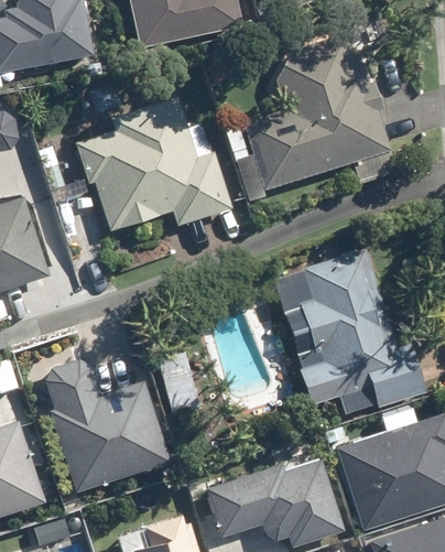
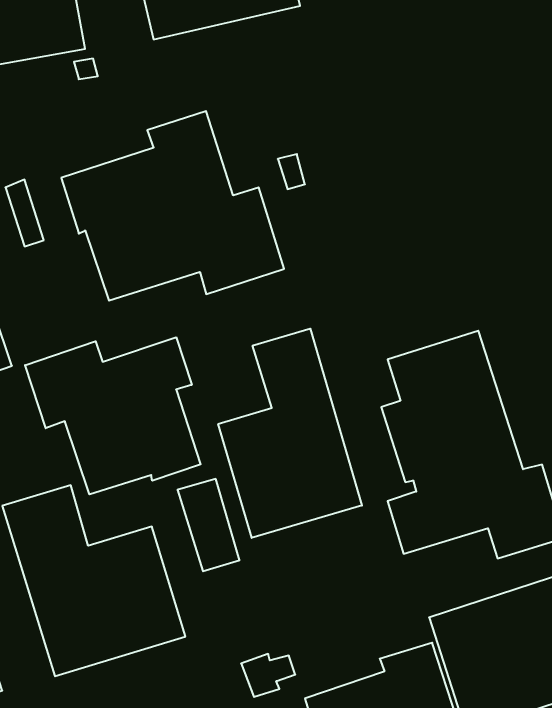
building: [245,36,398,190] -> none
building: none -> [218,329,362,538]
building: none -> [25,337,201,494]

